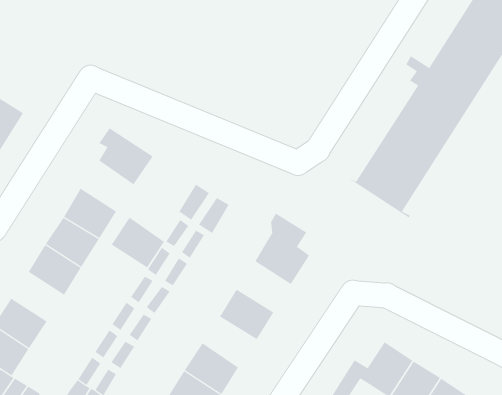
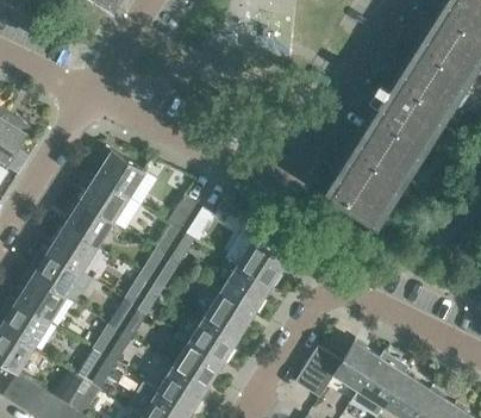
building: [111,217,165,268] -> [79,176,127,223]
building: none -> [220,268,270,314]
building: none -> [15,277,64,323]
building: none -> [189,318,239,364]

